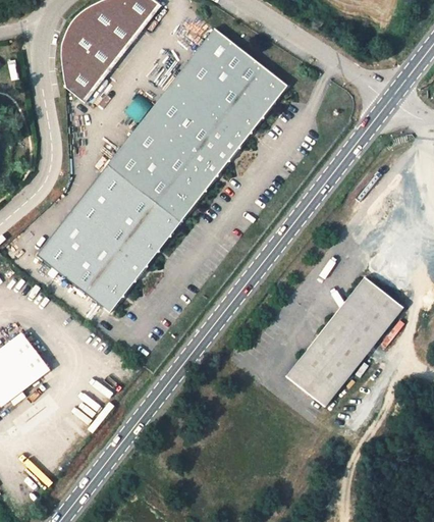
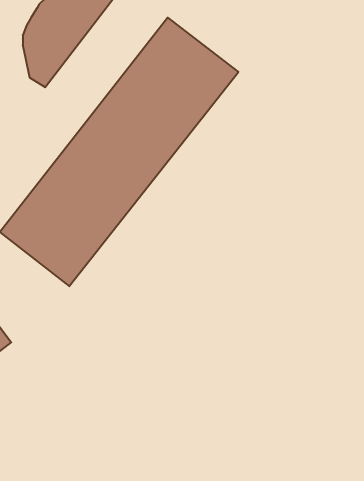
building: [285,278,401,407] -> none

